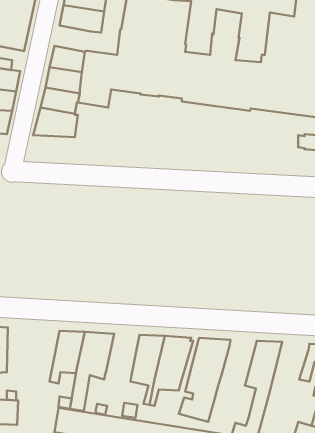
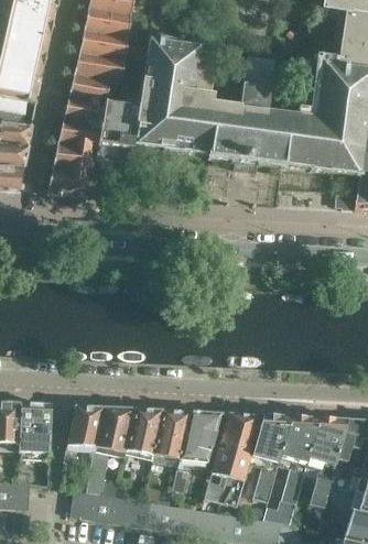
building: none -> [69,74,109,102]
building: none -> [18,402,50,453]
building: none -> [126,409,162,456]
building: none -> [248,415,290,501]
building: none -> [304,417,347,508]

